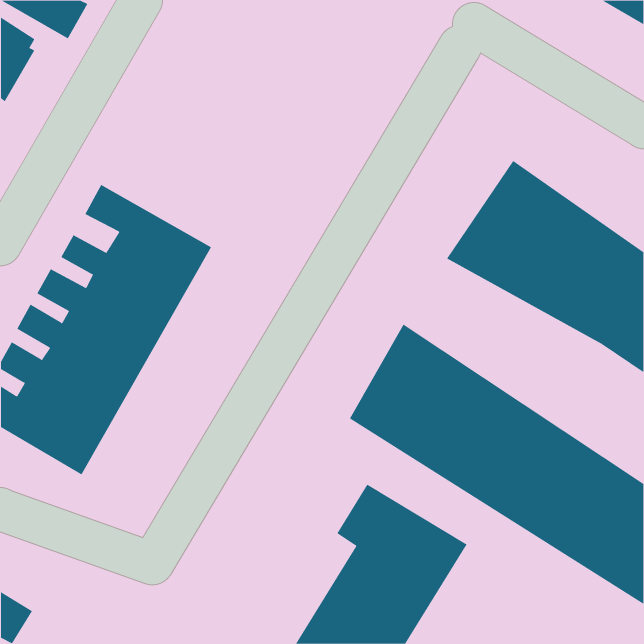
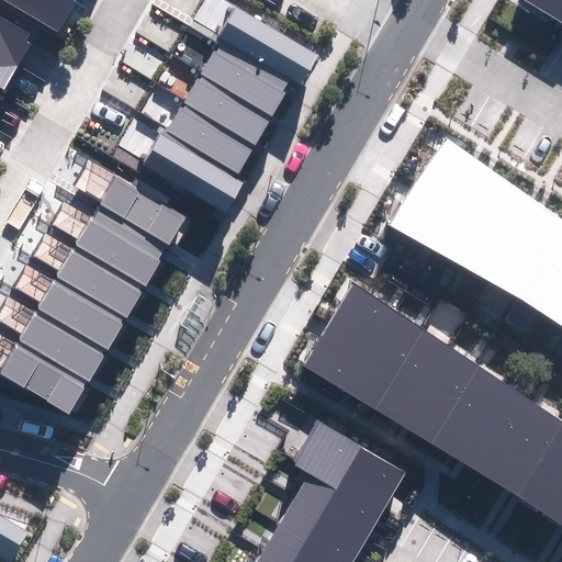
building: none -> [145,9,319,212]

